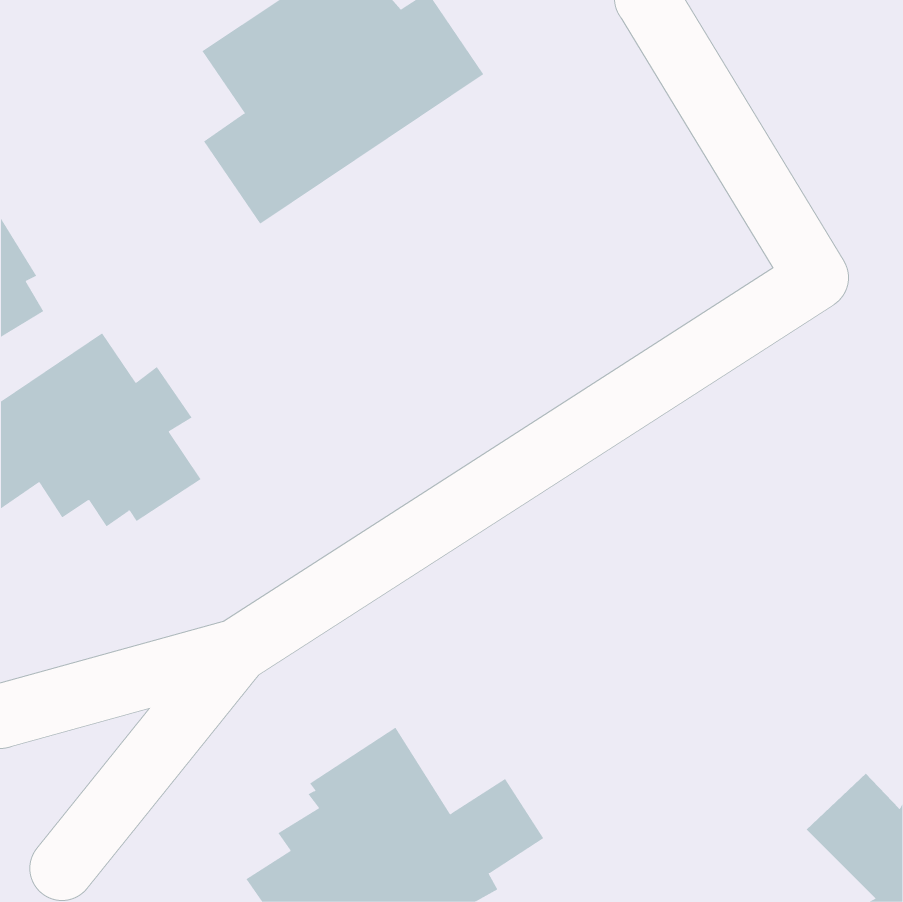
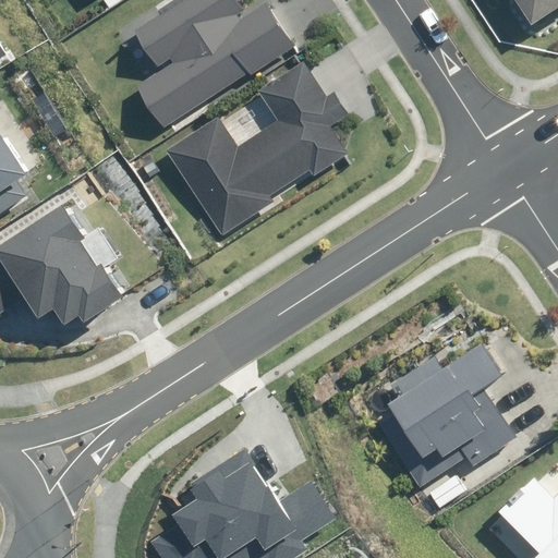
building: none -> [166,63,347,234]
building: none -> [378,341,515,486]

